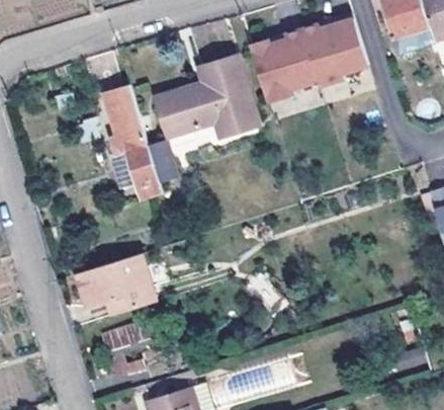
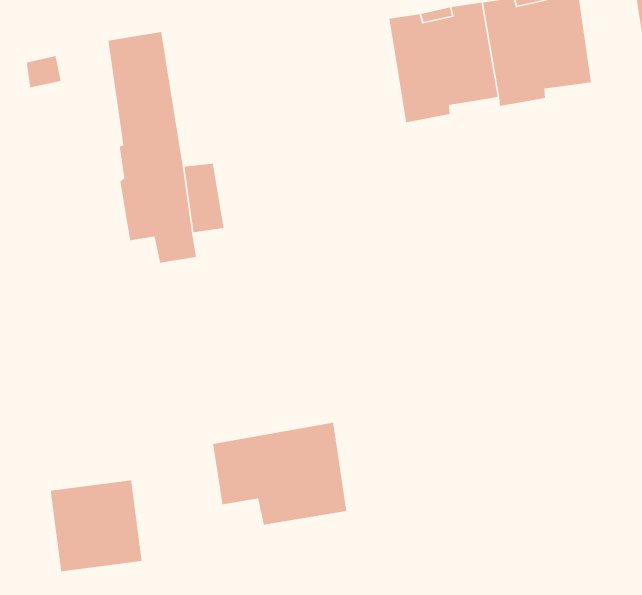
building: [157,56,258,136] -> none
building: [75,253,155,316] -> [212,422,347,526]

